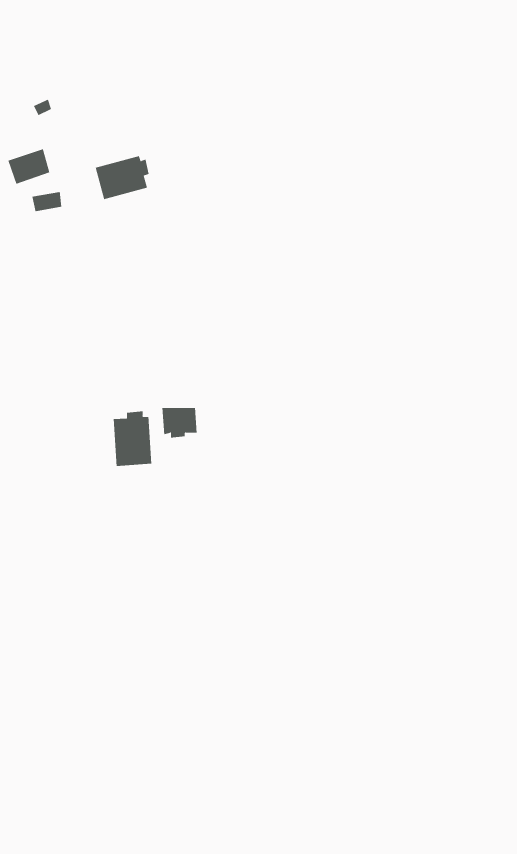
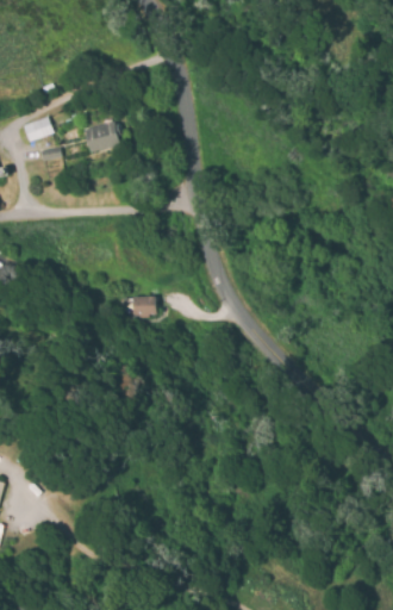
building: [113,410,152,467] -> none

